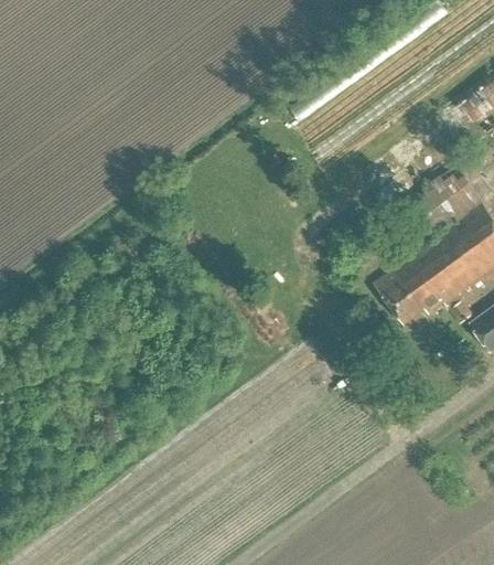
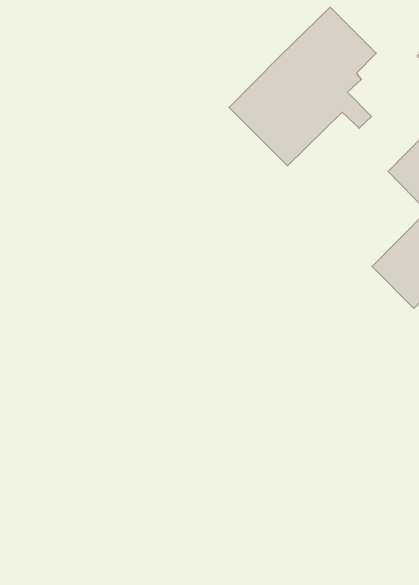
building: none -> [229,7,376,166]

